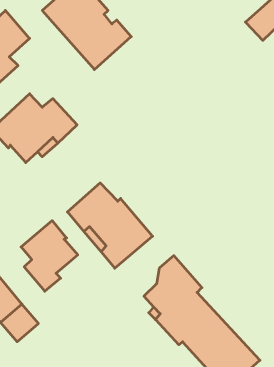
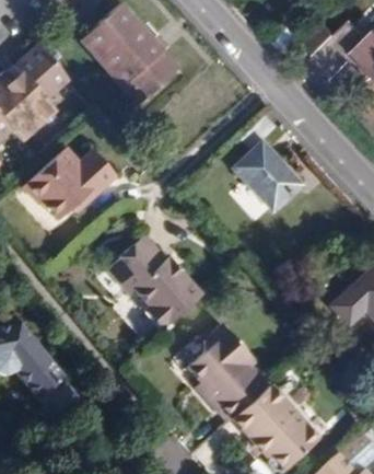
building: none -> [234,141,300,207]
building: [21,221,78,291] -> none

